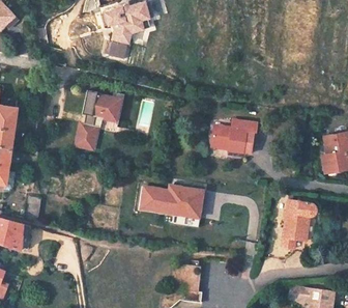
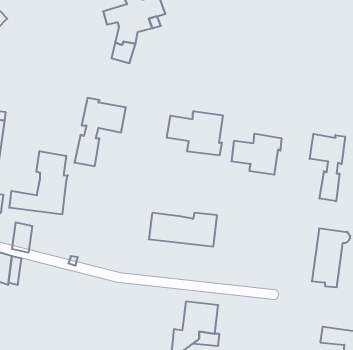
building: none -> [167,111,223,155]
building: none -> [310,134,345,201]
building: none -> [9,151,68,214]

